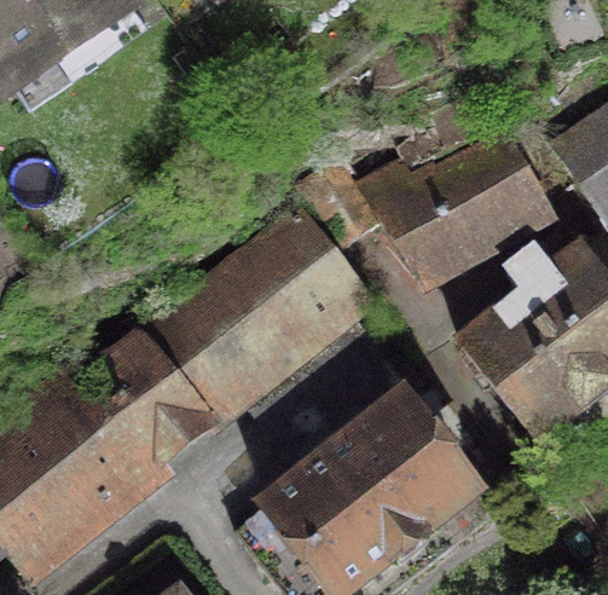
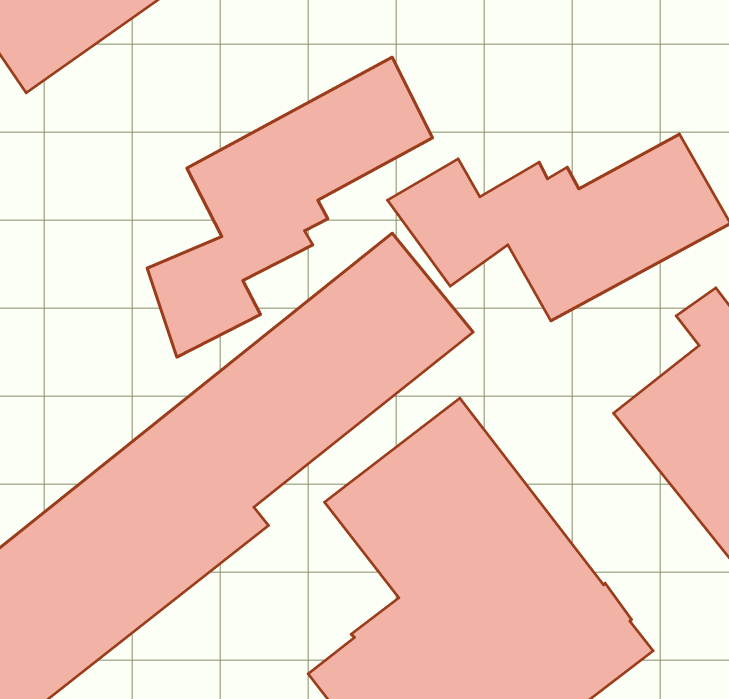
building: none -> [147,57,433,357]

